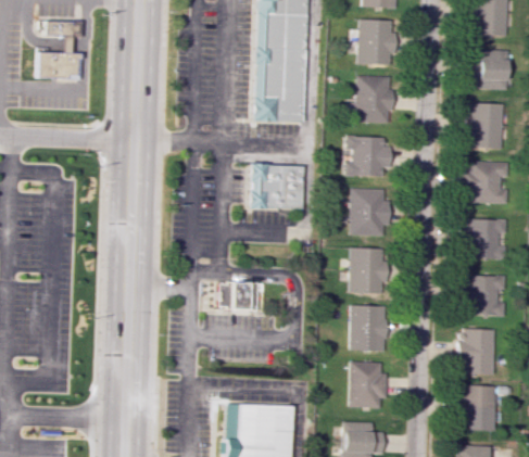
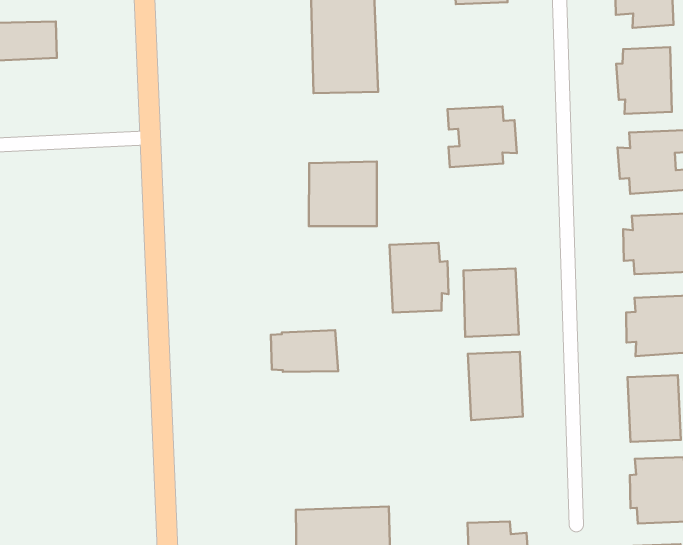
building: [357,75,394,124] -> none
building: [352,188,392,236] -> [390,243,448,312]
building: [348,361,387,408] -> none

